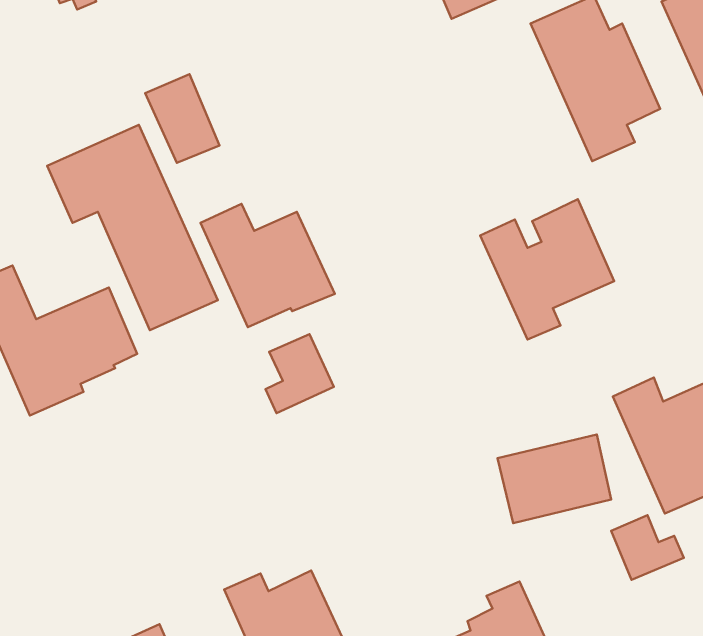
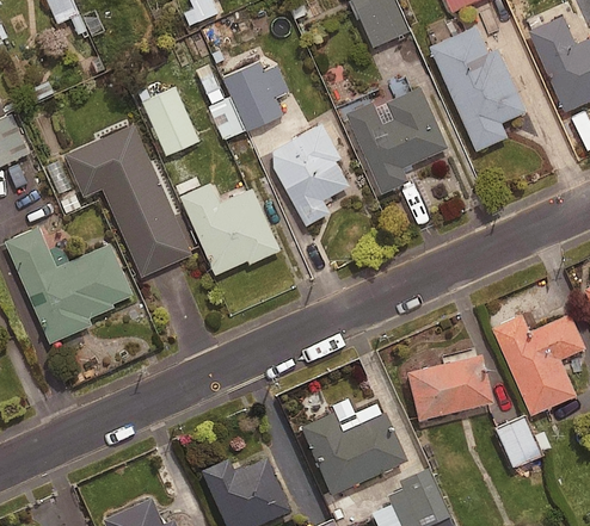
building: none -> [201,57,285,136]
building: none -> [274,123,351,227]
building: [480,199,614,340] -> [348,86,449,192]
building: [266,334,334,413] -> none
building: none -> [299,415,404,496]

